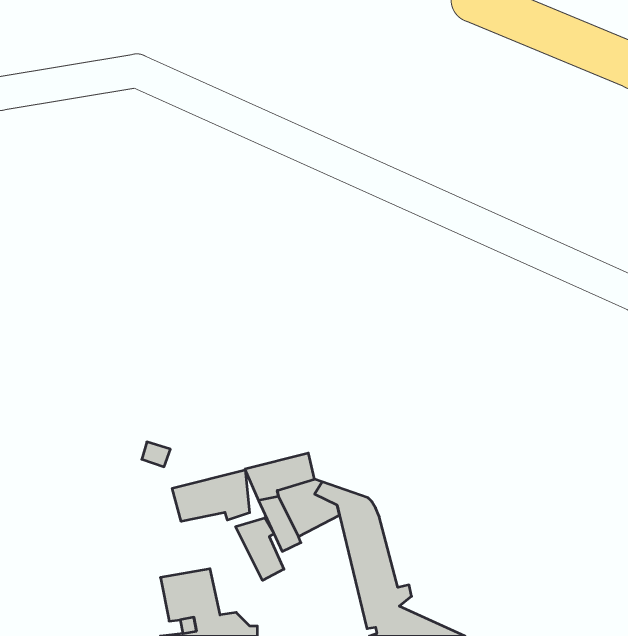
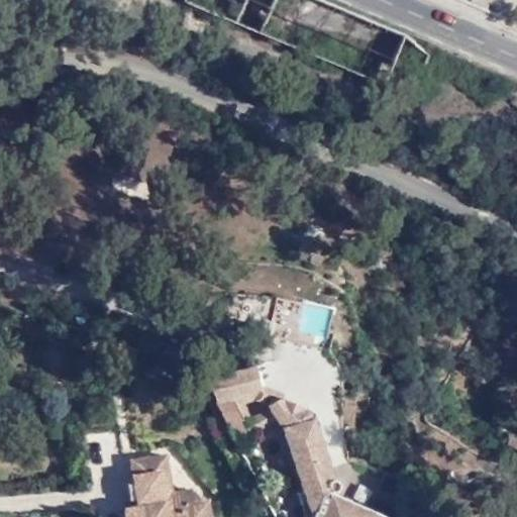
building: [172,470,250,521] -> none
building: [236,518,284,580] -> none

